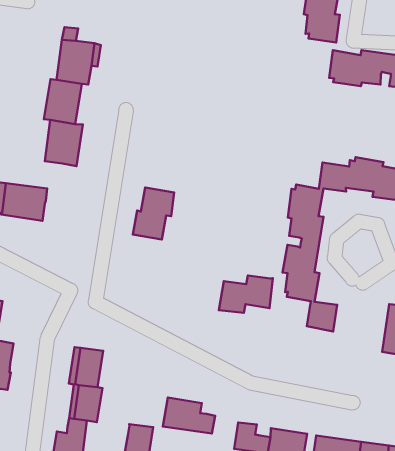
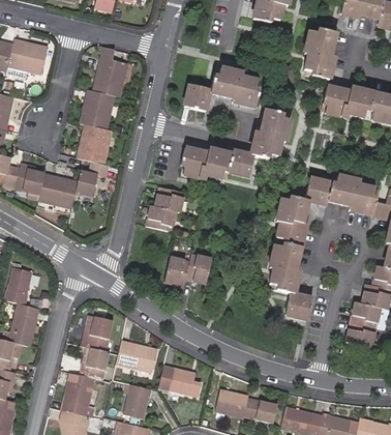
building: none -> [184,68,259,111]
building: none -> [181,109,290,178]
building: none -> [76,161,108,195]
building: [219,275,273,313] -> [163,254,211,285]
building: none -> [115,340,156,372]

